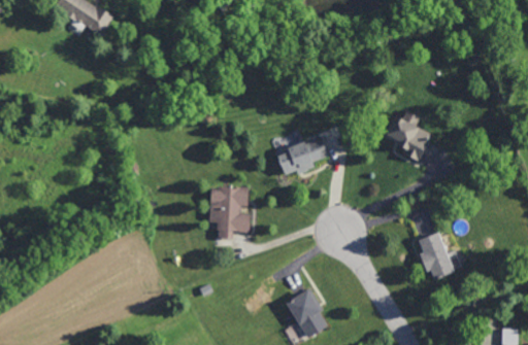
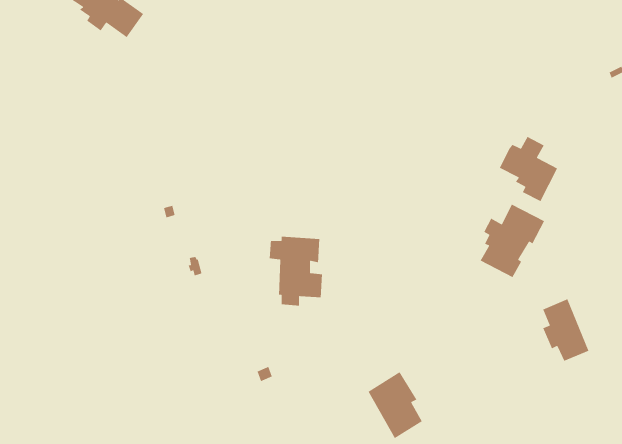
building: [276,137,326,174] -> none
building: none -> [479,204,545,278]

